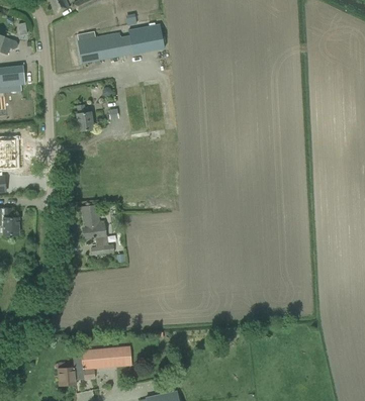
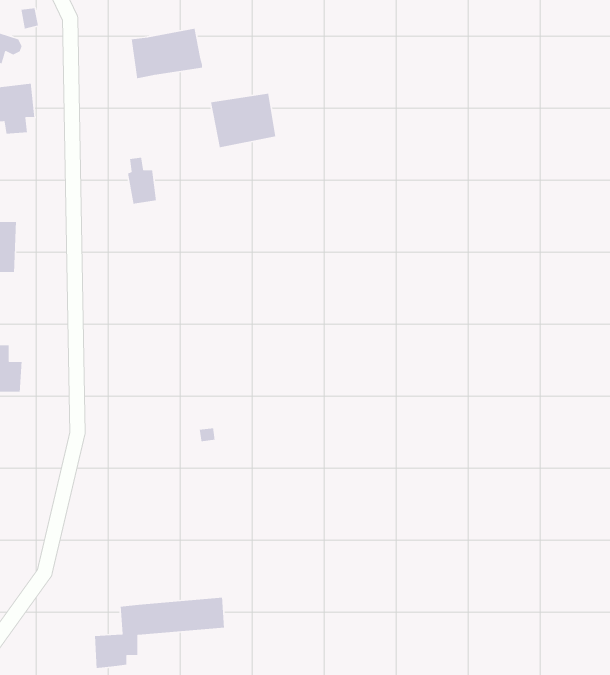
building: [127,24,164,55] -> [210,93,276,148]
building: [81,206,113,255] -> none

